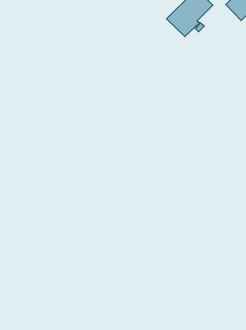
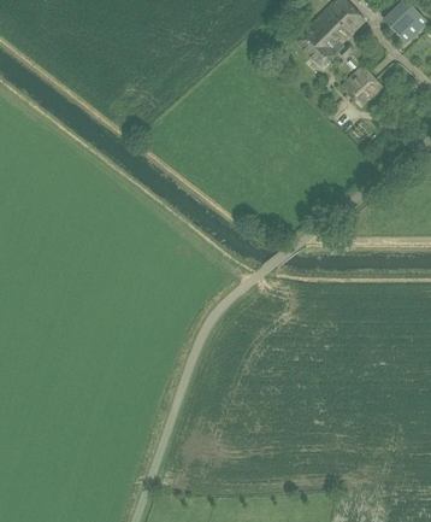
building: none -> [343,66,383,106]

